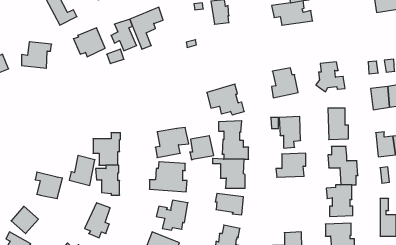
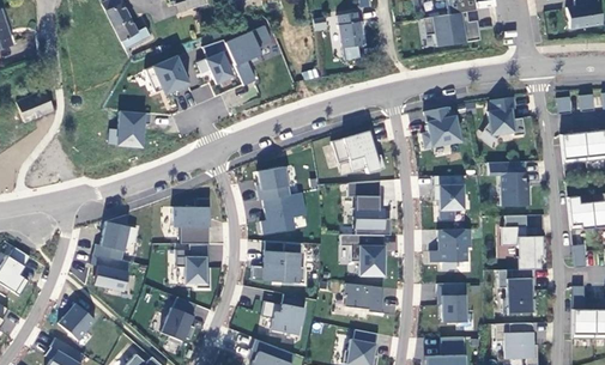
building: [22,42,52,68] -> [109,109,151,146]
building: [190,136,214,160] -> [256,165,290,199]
building: [69,155,95,185] -> [93,219,129,261]
building: none -> [437,284,466,323]

